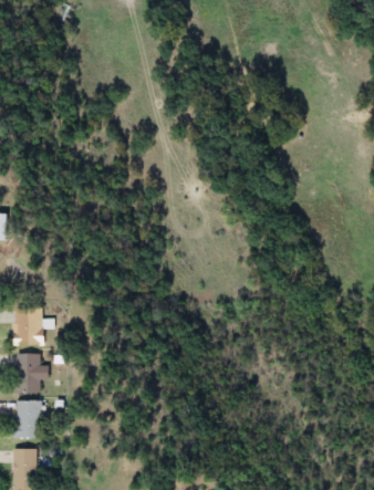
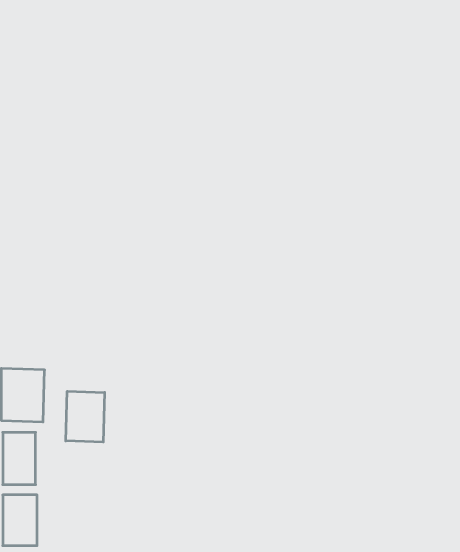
building: none -> [66,391,105,442]

